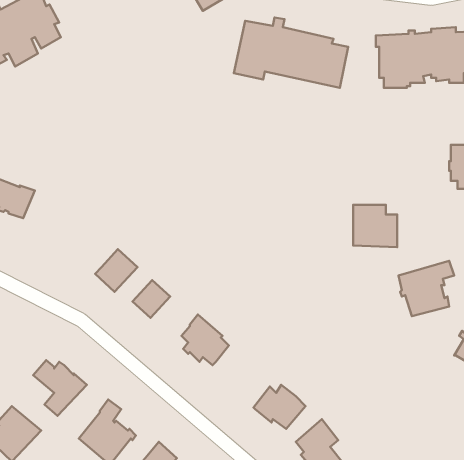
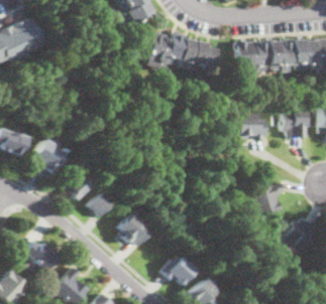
building: none -> [30,139,63,176]
building: [353,205,397,247] -> [239,113,266,139]

